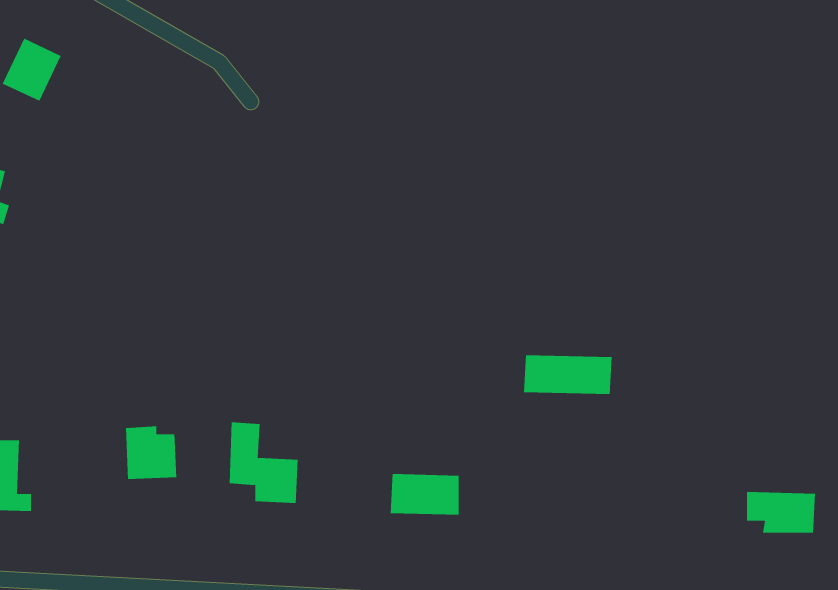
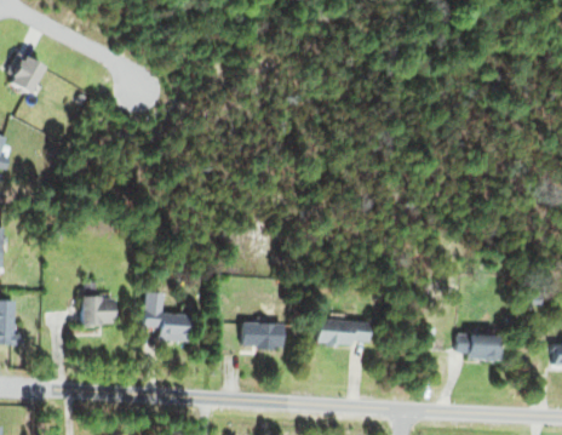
building: [523,355,613,395] -> [316,320,371,344]

